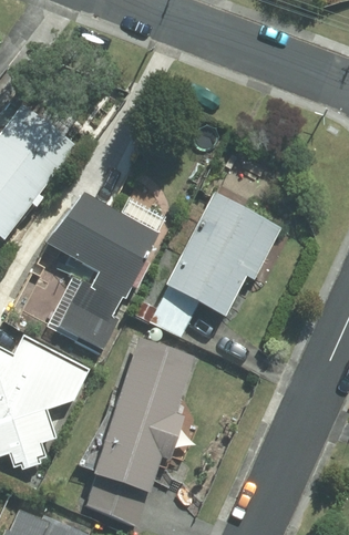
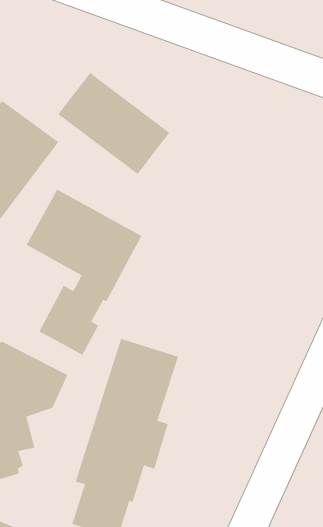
building: none -> [57,72,170,175]
building: [165,193,281,316] -> none

